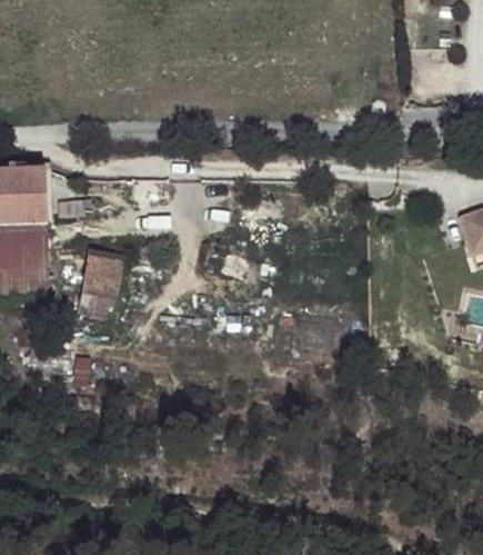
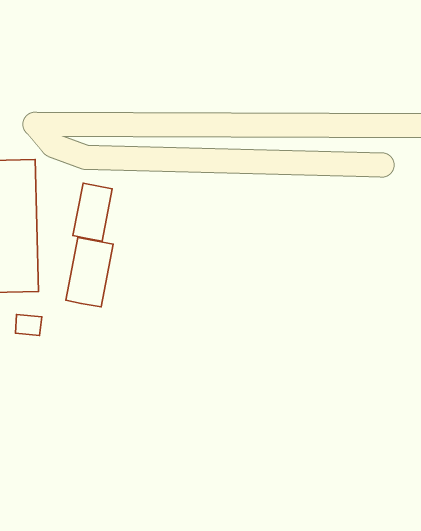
building: none -> [73,183,112,241]

